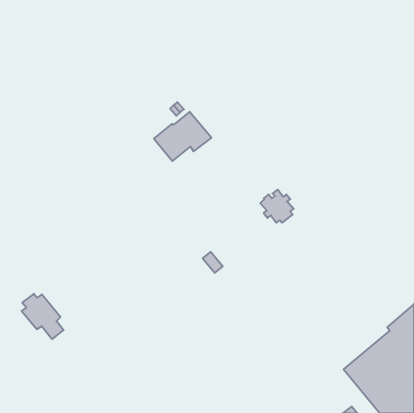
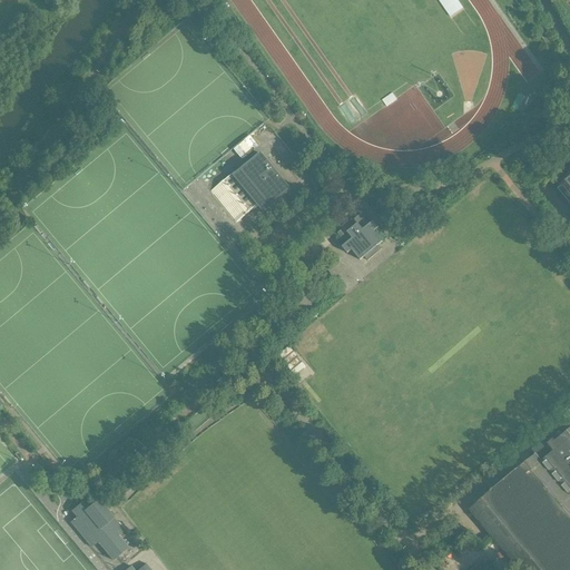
building: [260,190,294,223] -> [337,214,383,259]
building: [22,294,64,339] -> [70,498,128,560]

